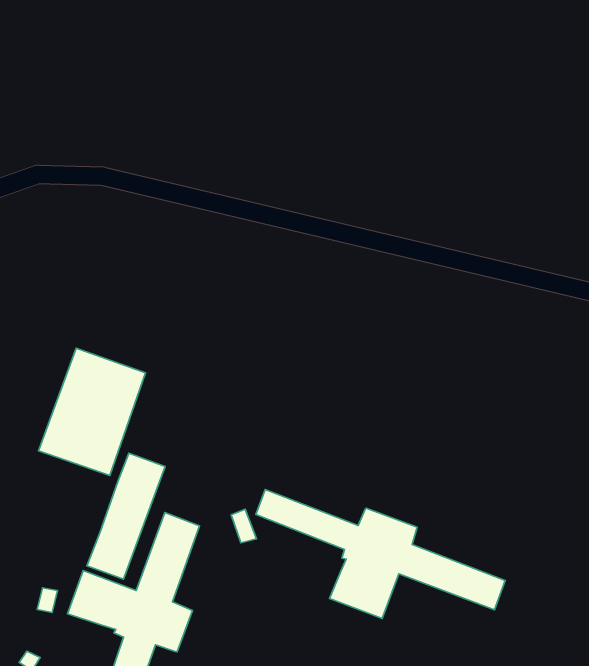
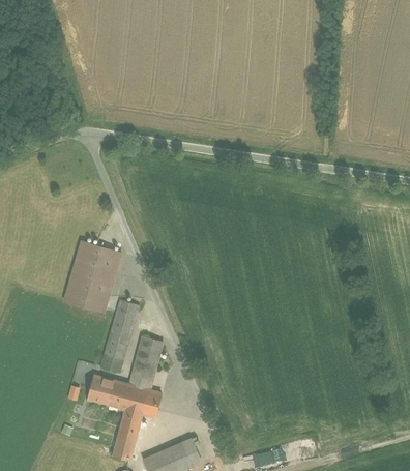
building: [256,490,505,618] -> none

